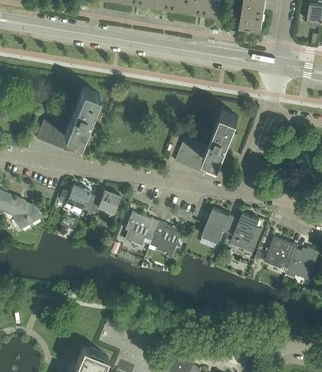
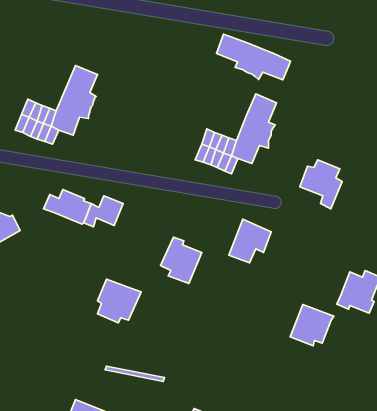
building: none -> [217,34,291,80]
building: [125,212,159,246] -> [98,279,141,323]
building: [229,213,262,251] -> [300,160,342,209]
building: [264,237,298,269] -> [290,305,334,346]

